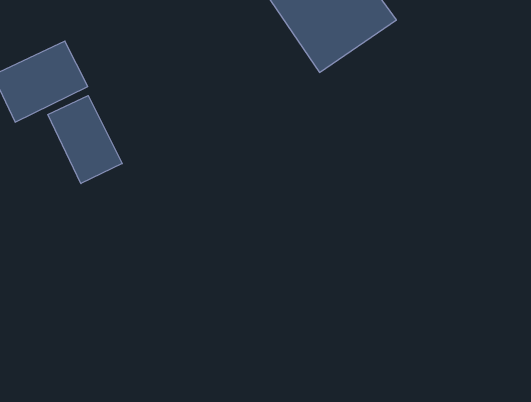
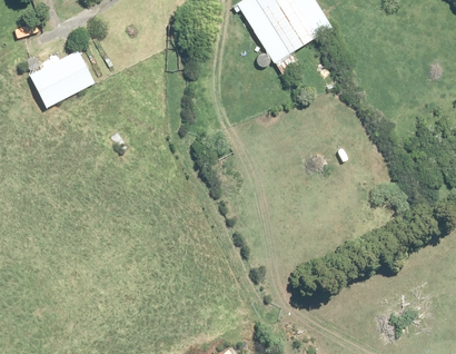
building: [48,96,122,184] -> none

